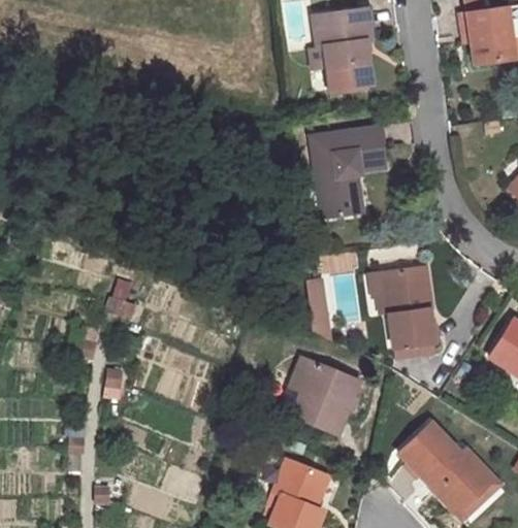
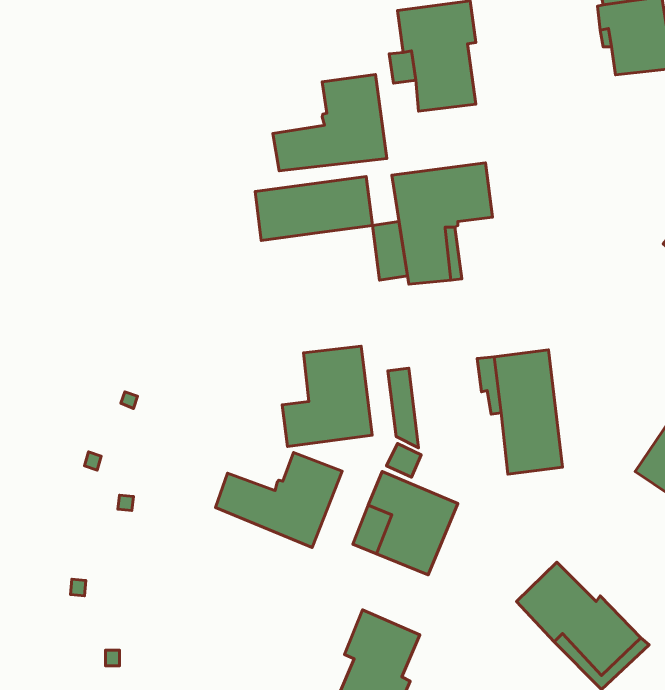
building: none -> [273,74,387,171]
building: none -> [255,177,372,241]
building: none -> [282,346,372,447]
building: none -> [215,452,342,547]

